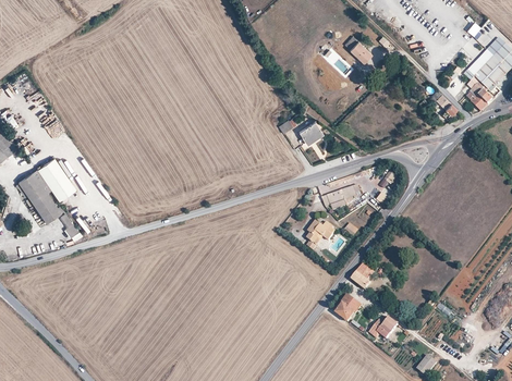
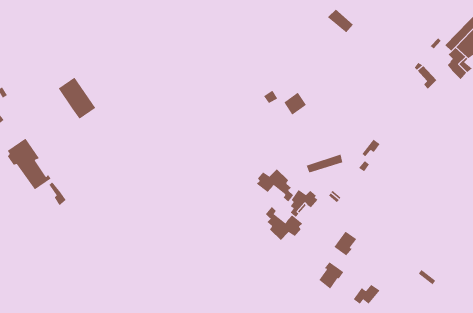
building: [36,156,75,199] -> [58,77,96,120]
building: none -> [256,169,294,202]
building: none -> [265,206,303,241]

